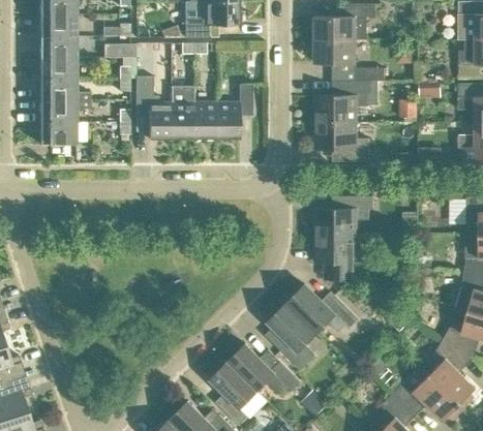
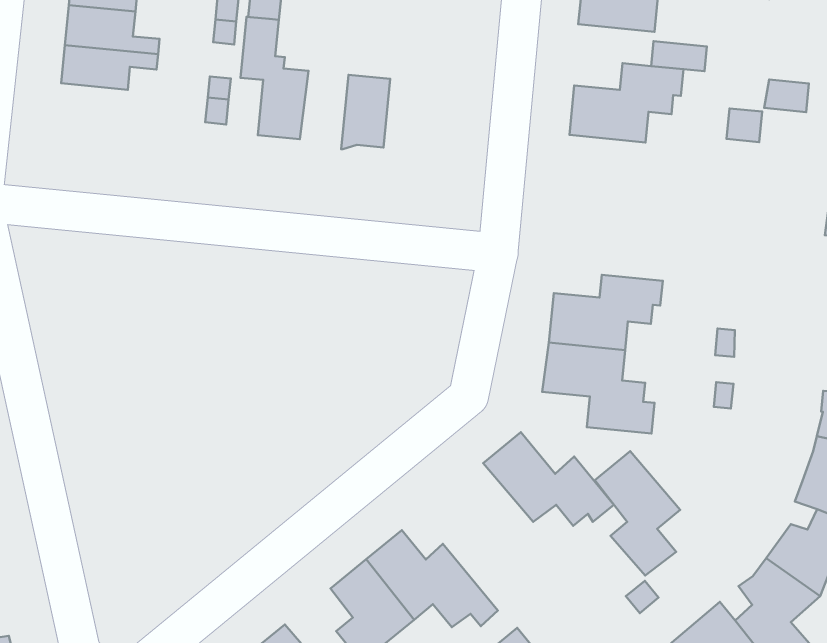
building: [215,84,250,138] -> none
building: [170,87,192,142] -> none
building: [38,121,74,144] -> none
building: [314,122,368,161] -> none
building: [268,303,315,369] -> [595,451,680,576]

